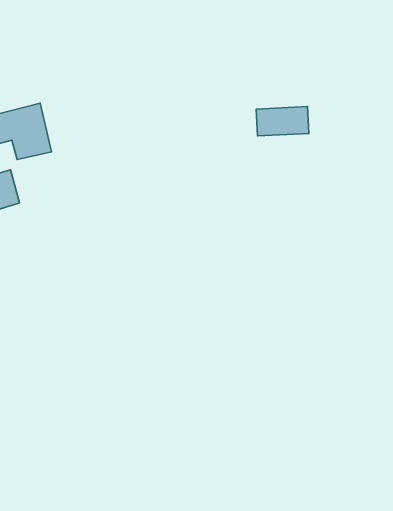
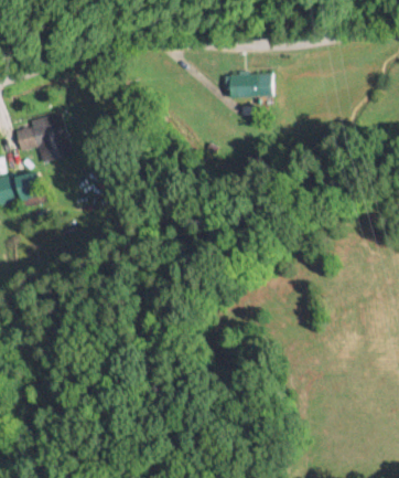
building: [256,107,309,136] -> [227,73,272,98]

